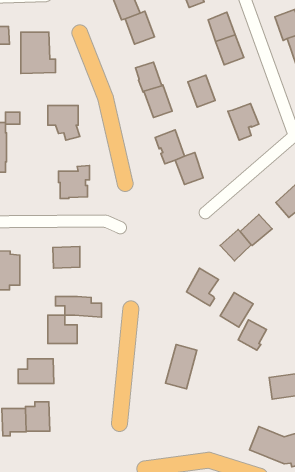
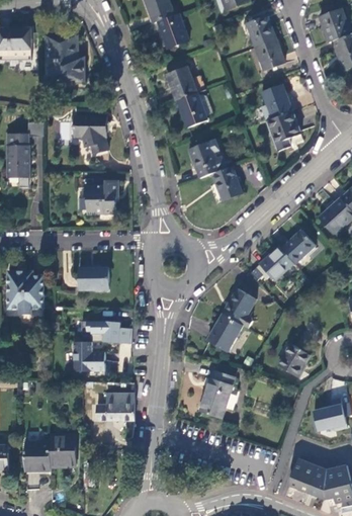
building: [188,75,215,107] -> [262,85,291,119]
building: [220,292,253,327] -> [207,315,243,352]
building: [18,359,54,383] -> [97,393,136,419]

